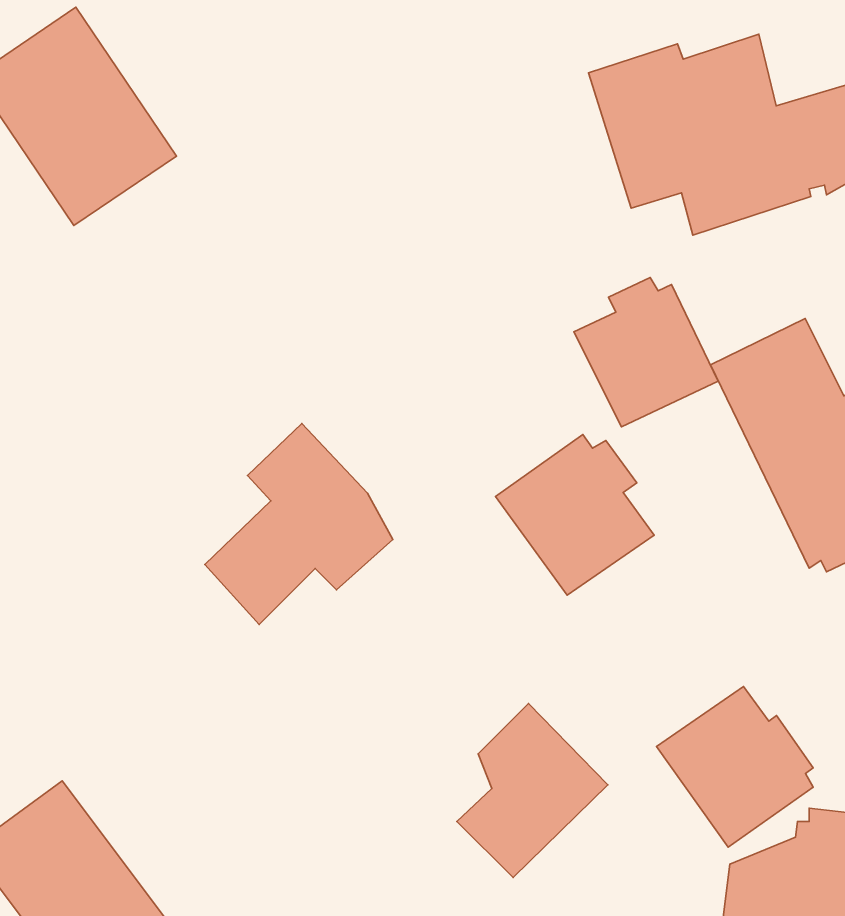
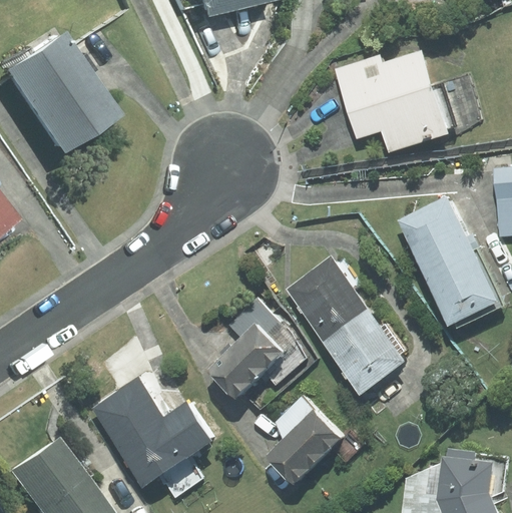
building: [574,278,718,427] -> none
building: [205,423,393,625] -> [207,298,305,402]
building: none -> [93,380,210,498]
building: [656,686,813,847] -> [322,309,403,392]

